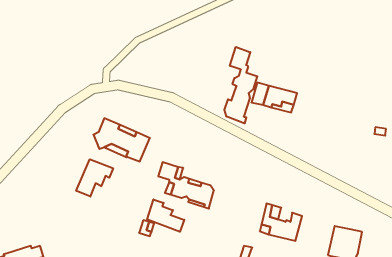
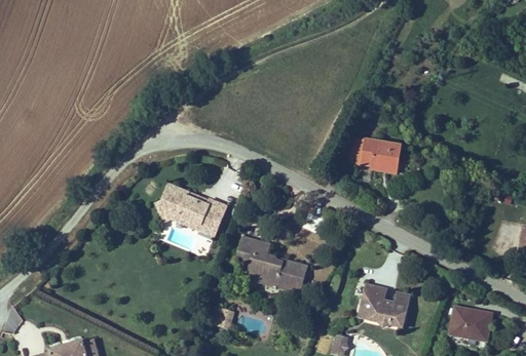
building: [224,47,257,123] -> none
building: [76,159,113,197] -> none
building: [147,199,184,232] -> none

